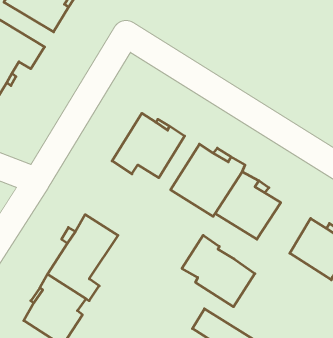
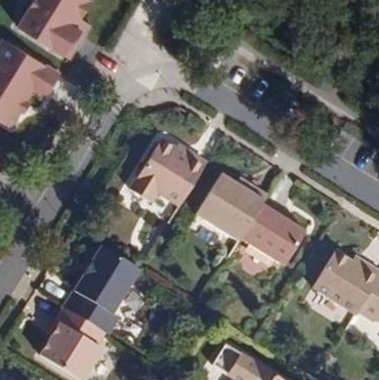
building: [182,235,255,307] -> none

